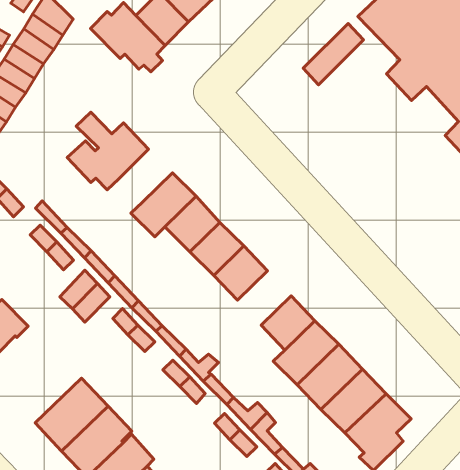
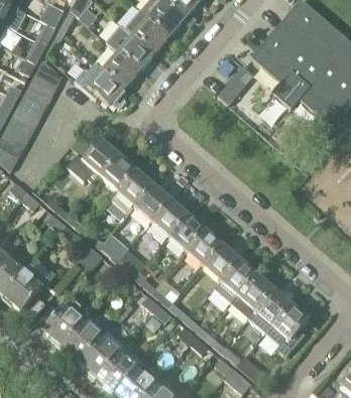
building: none -> [101,156,136,191]
building: none -> [187,230,222,266]
building: none -> [41,294,88,344]

